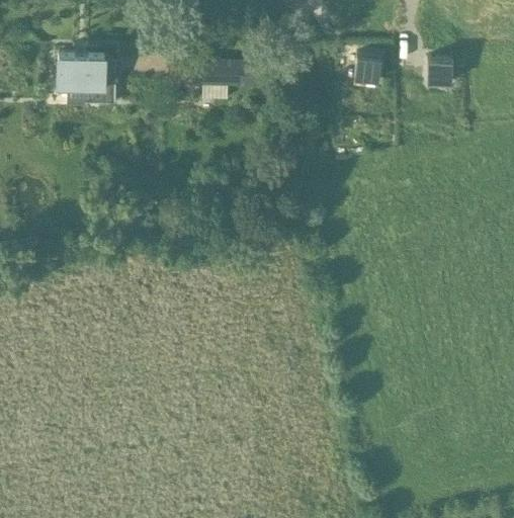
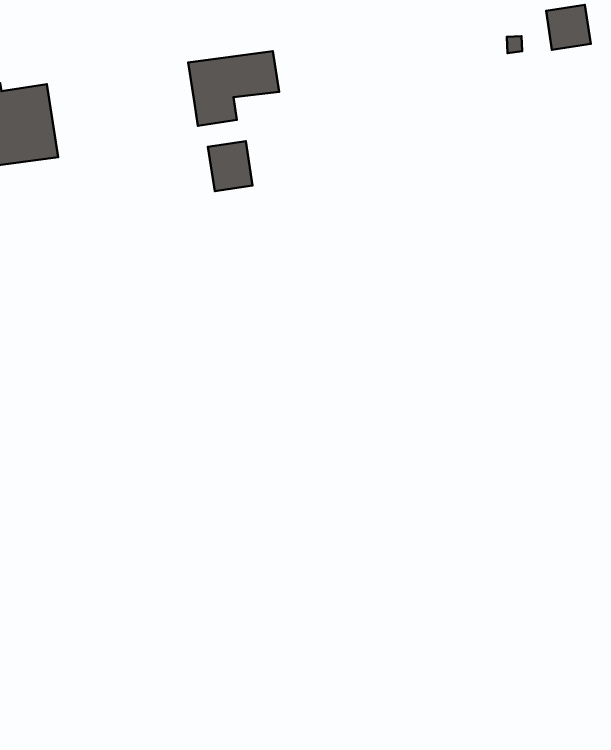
building: [354,53,381,79] -> none
building: none -> [208,141,253,191]

